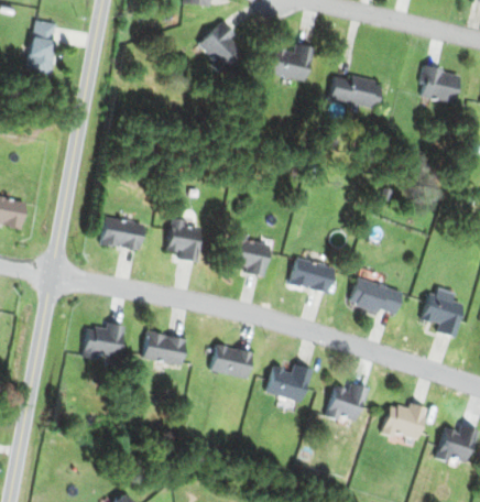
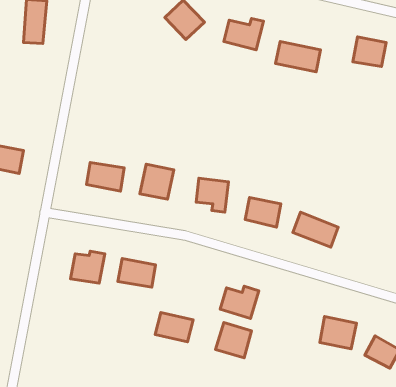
building: [419,292,466,338] -> none
building: [207,343,252,379] -> [155,312,193,342]
building: [323,382,366,424] -> [216,323,252,358]

